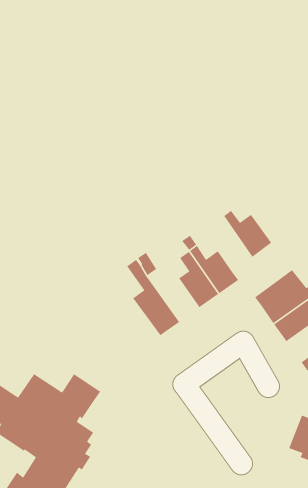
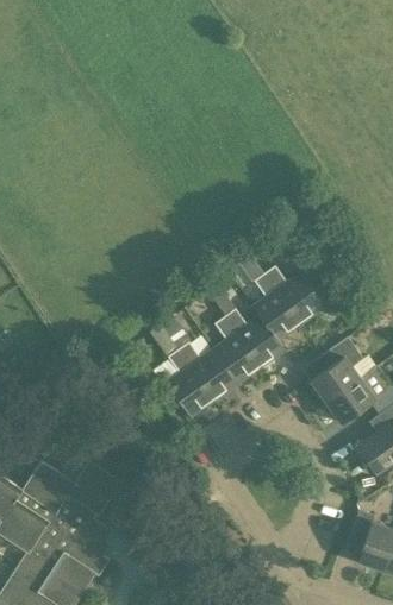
building: none -> [254,273,301,340]
building: none -> [180,342,238,399]

